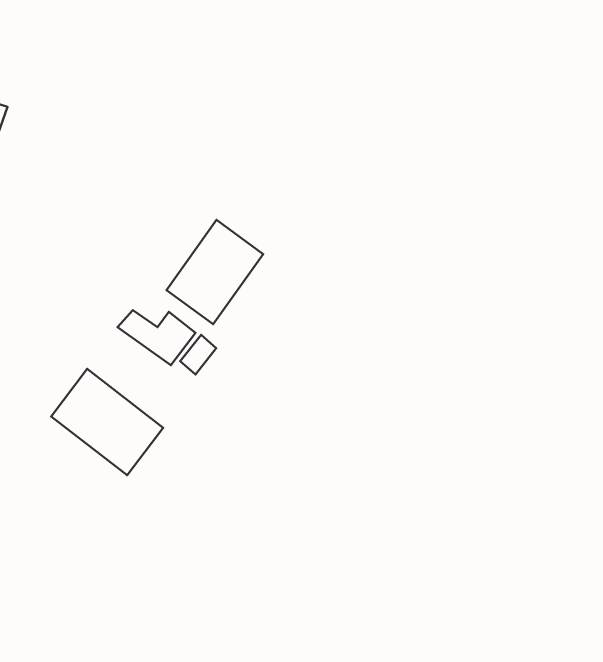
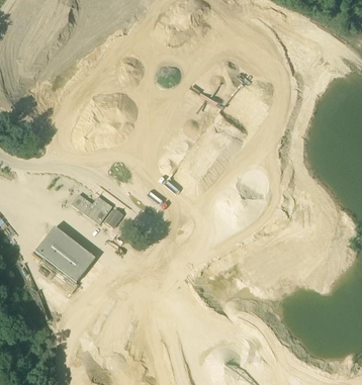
building: [166,220,263,324] -> none

